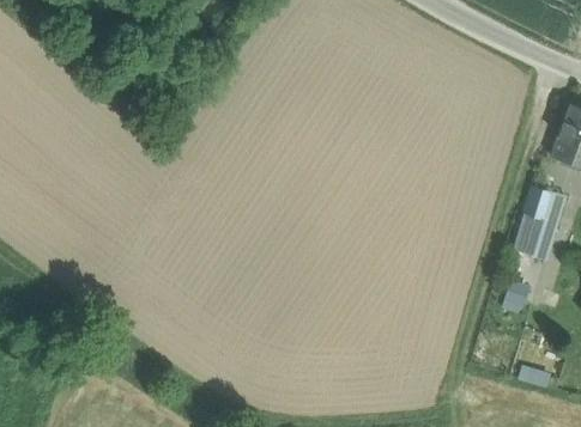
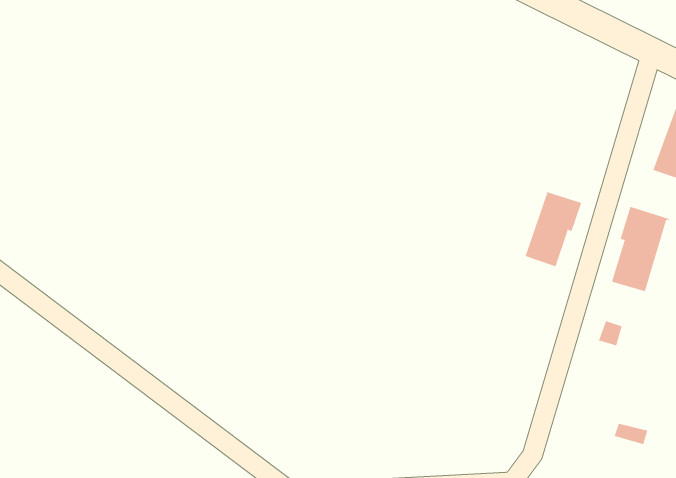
building: none -> [525,191,582,267]

